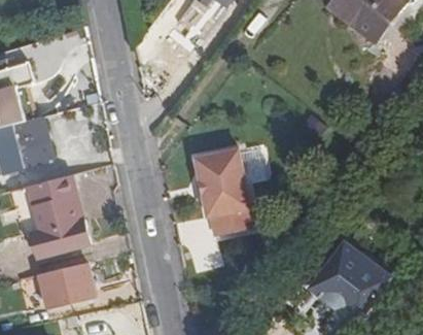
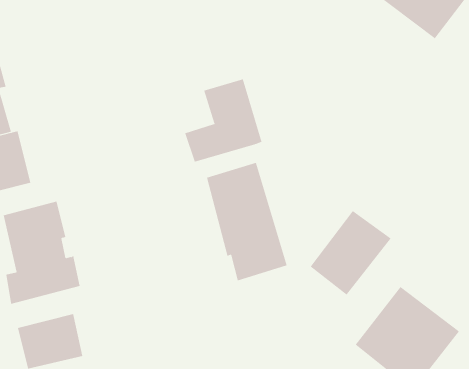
building: none -> [184,78,262,163]
building: none -> [310,210,391,295]

